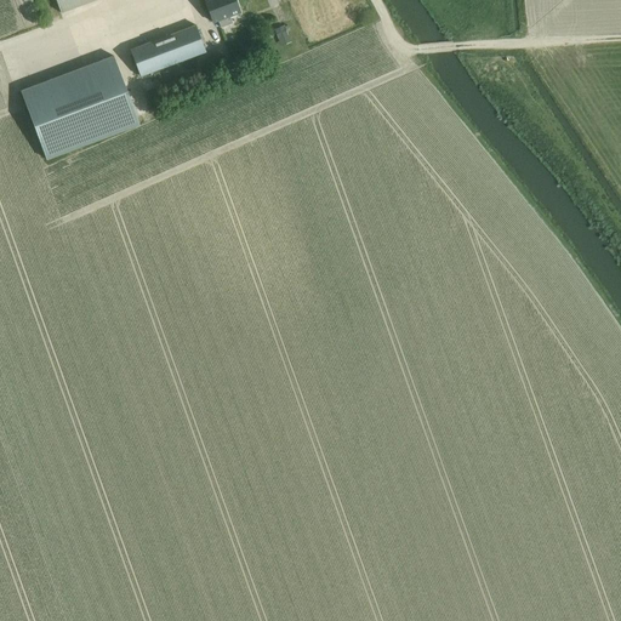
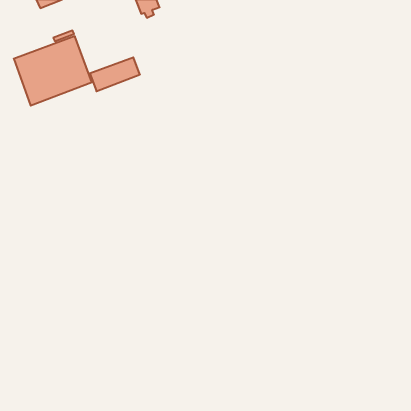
building: [131,24,206,75] -> [90,57,140,91]

